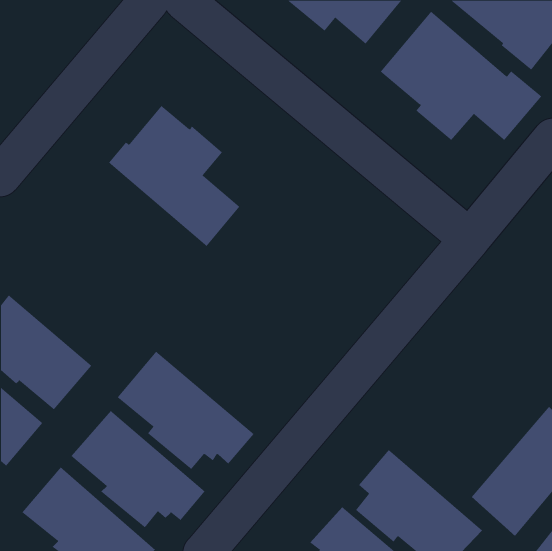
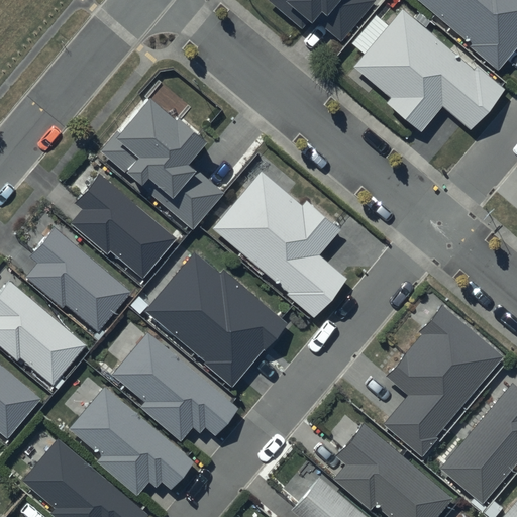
building: none -> [210,170,346,317]
building: none -> [69,172,176,278]
building: none -> [26,230,132,334]
building: none -> [144,256,291,393]
building: none -> [386,306,505,456]

